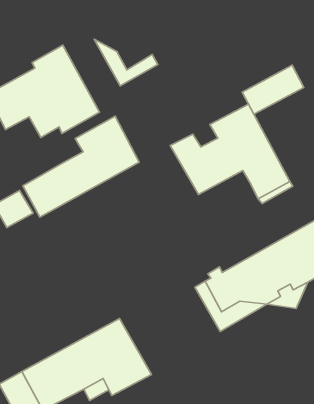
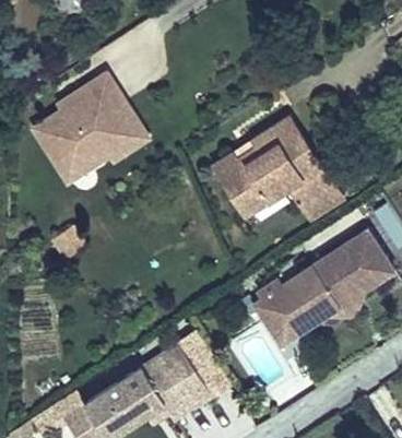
building: [94,39,158,86] -> none
building: [242,65,304,114] -> none
building: [23,116,139,217] -> none

